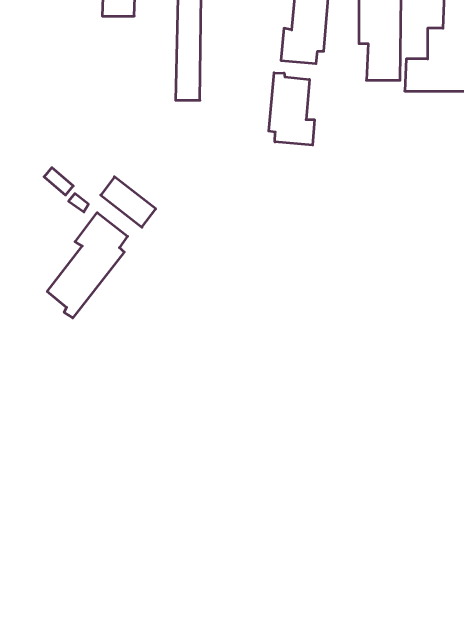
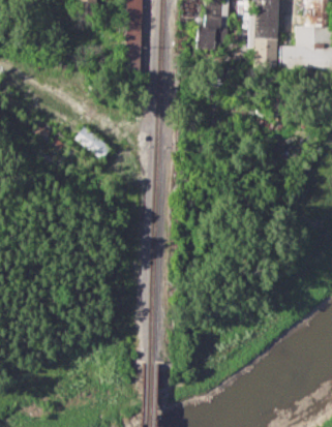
building: [269,73,314,145] -> none
building: [47,213,128,318] -> none

